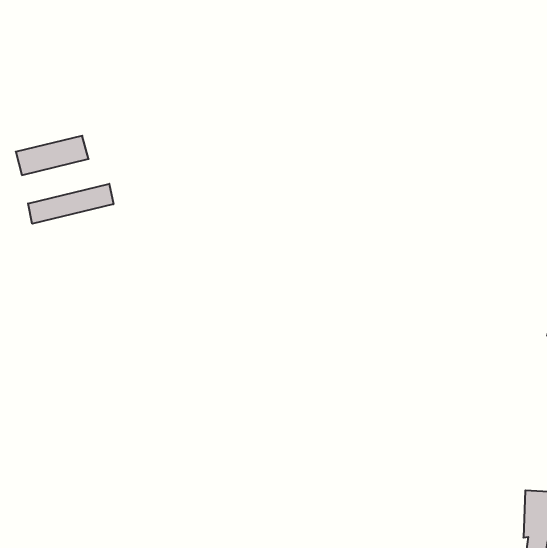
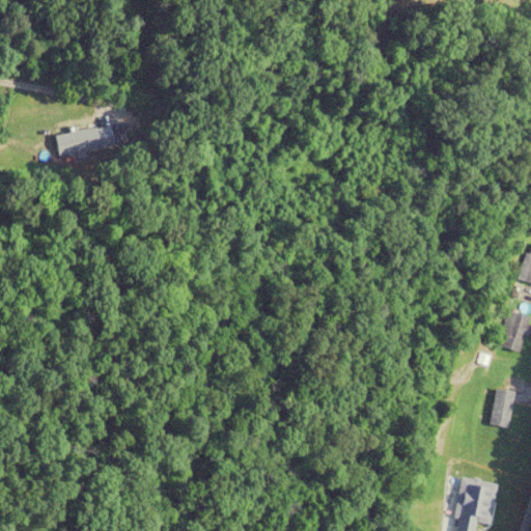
building: [28,184,113,224] -> none

